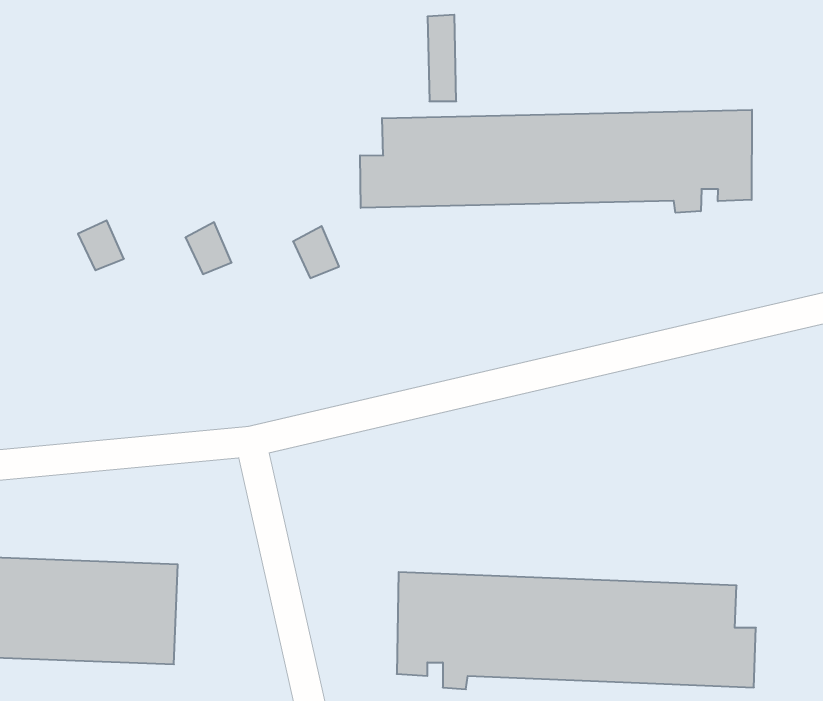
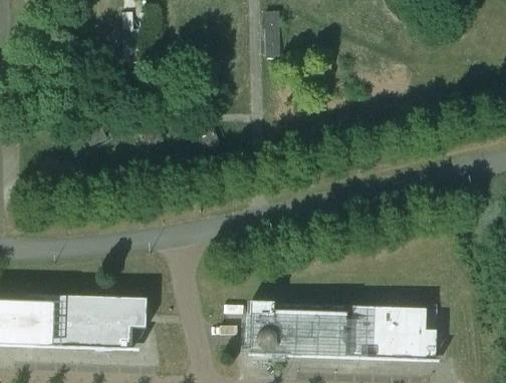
building: [360,110,752,213] -> none

